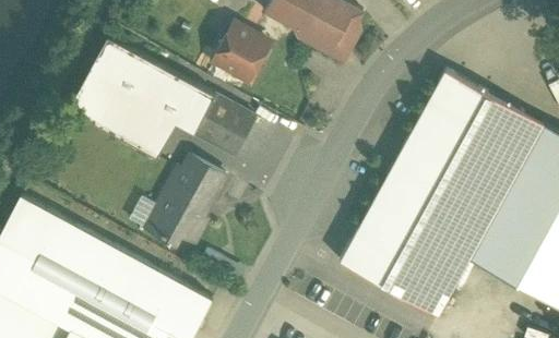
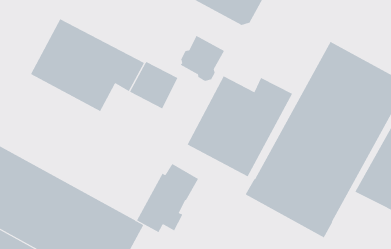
building: [214,23,271,81] -> [180,35,225,81]
building: none -> [187,75,293,177]
building: [147,156,226,243] -> [136,163,199,233]

